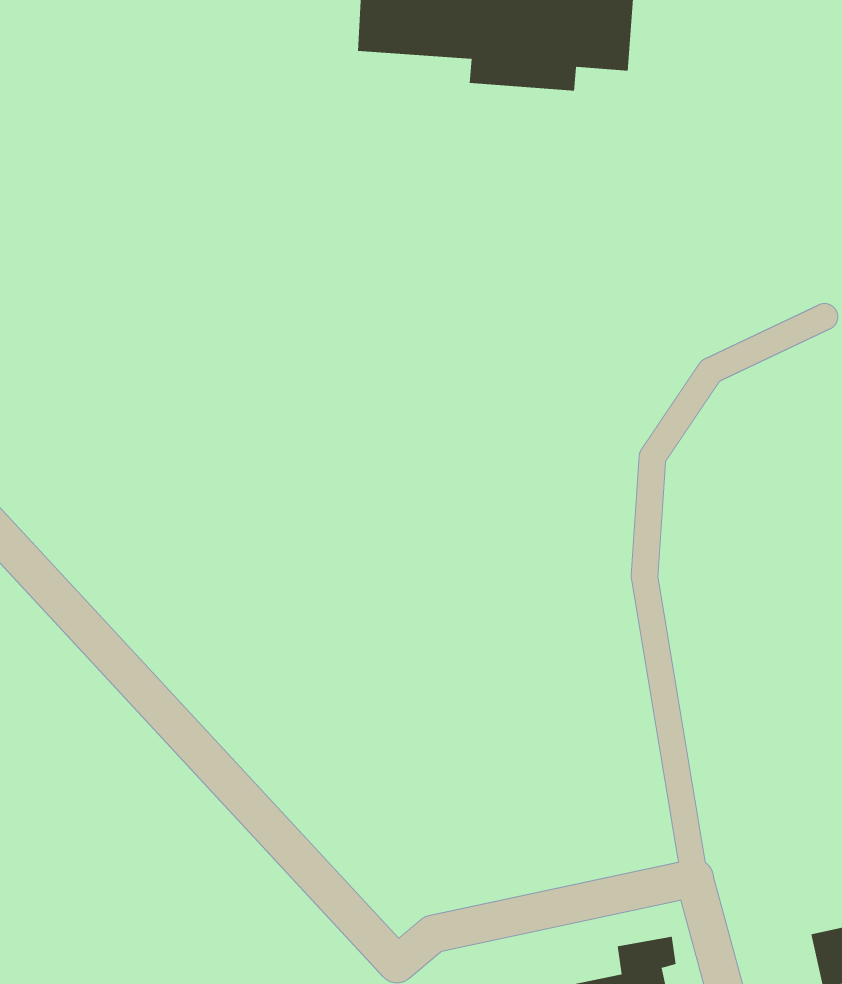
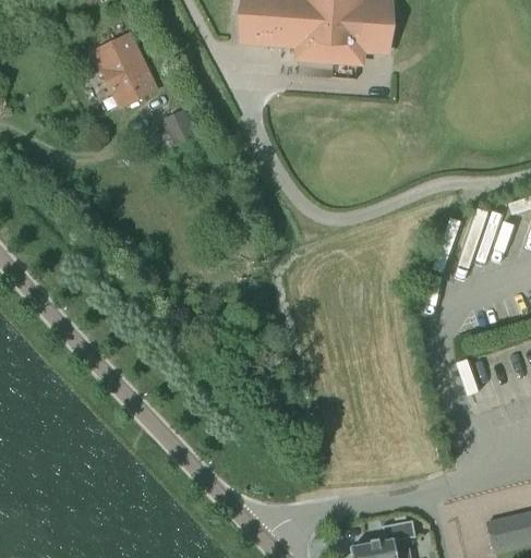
building: none -> [105,33,156,104]
building: none -> [160,110,195,148]

